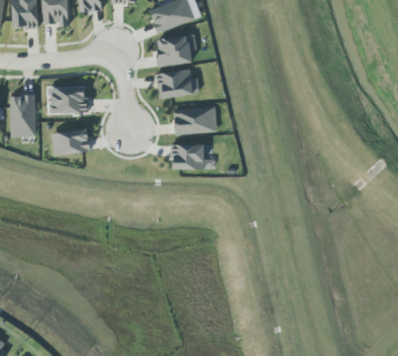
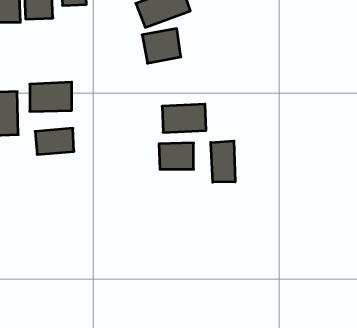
building: [156,68,200,99] -> none
building: none -> [211,141,235,182]

